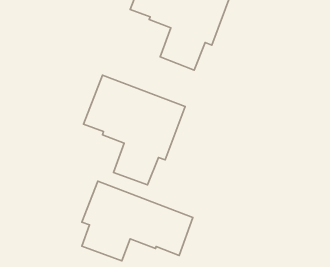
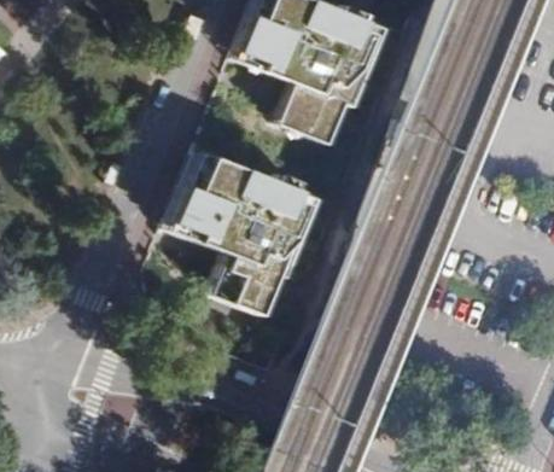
building: [82,181,193,261] -> none

